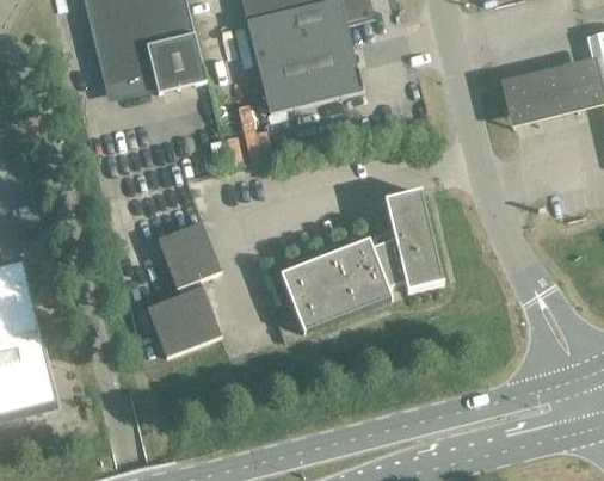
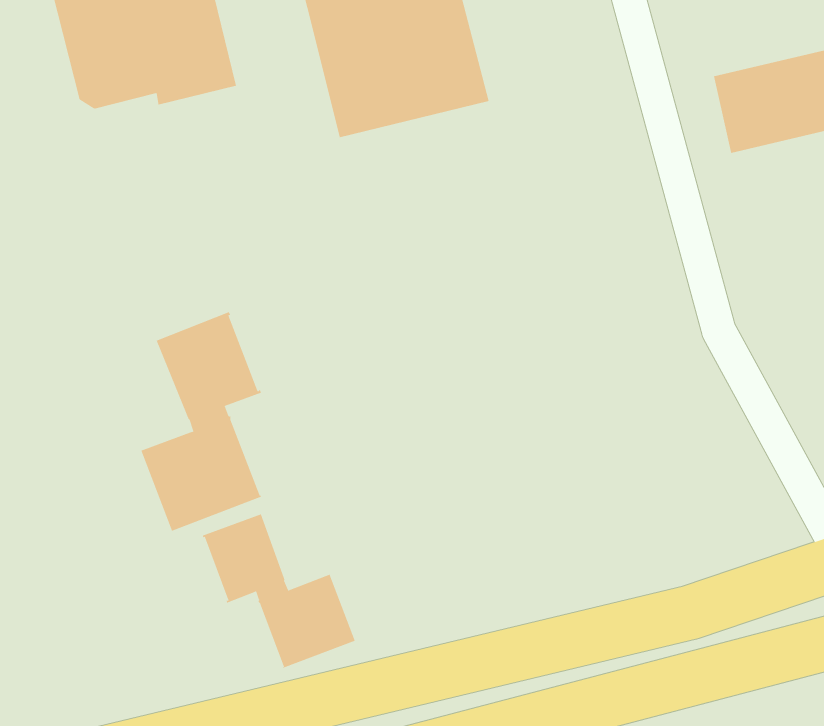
building: [281,190,444,333] -> none
building: none -> [202,513,355,668]

